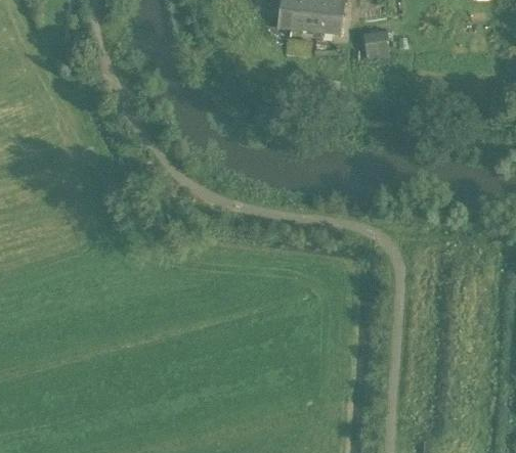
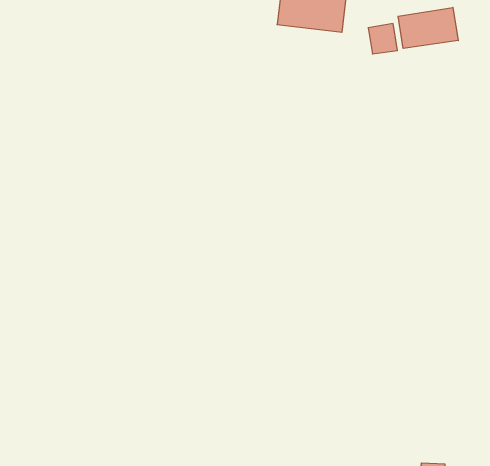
building: none -> [398,7,458,48]

